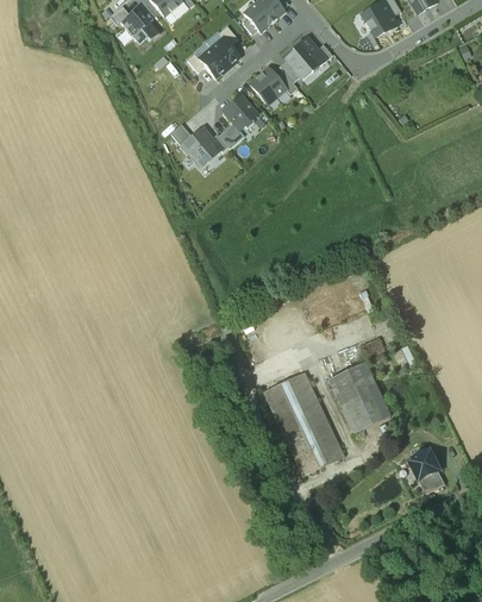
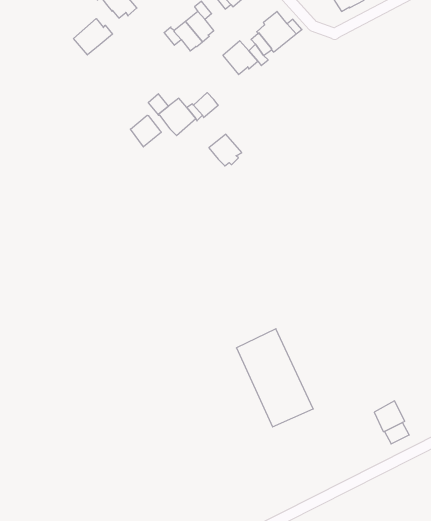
building: none -> [74,19,113,55]
building: [223,95,257,128] -> [209,134,242,166]
building: none -> [130,115,161,147]
building: [328,359,392,431] -> none

